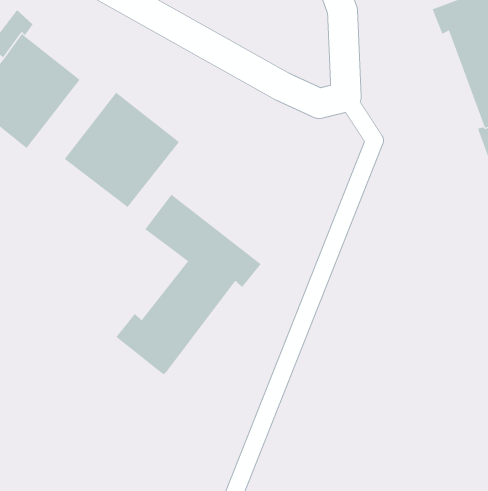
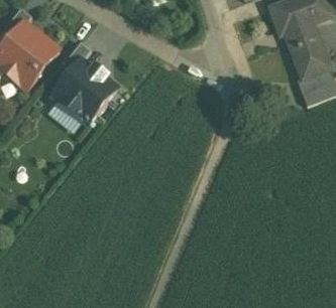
building: [116,194,261,375] -> none

